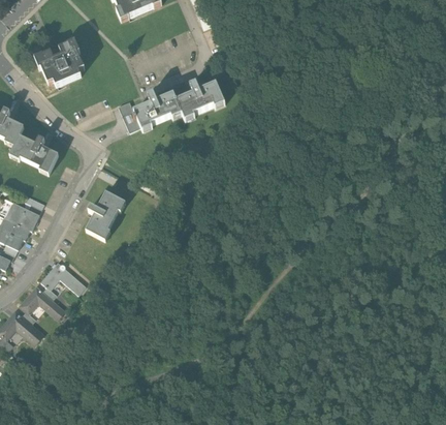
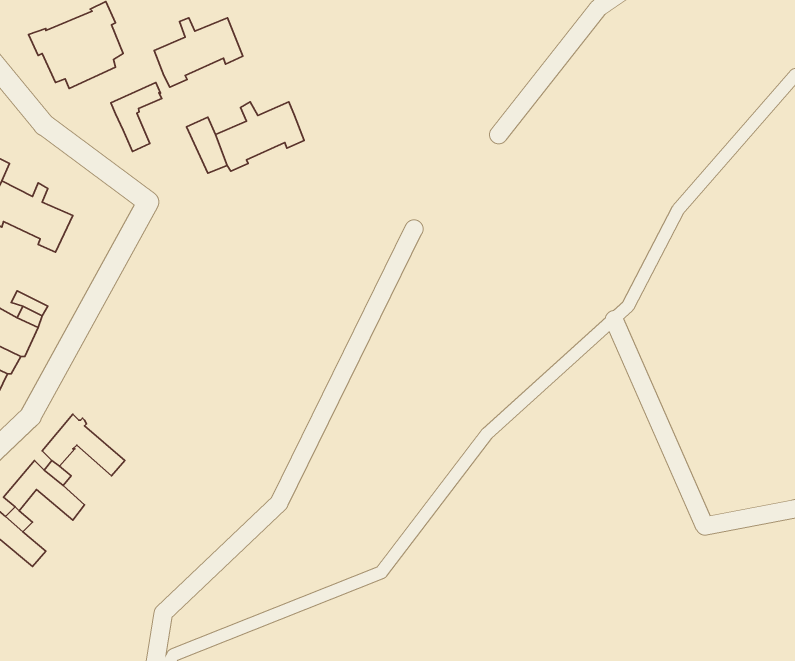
building: none -> [111,83,162,152]
building: [177,82,224,119] -> [154,18,243,87]
building: [86,190,125,239] -> none

